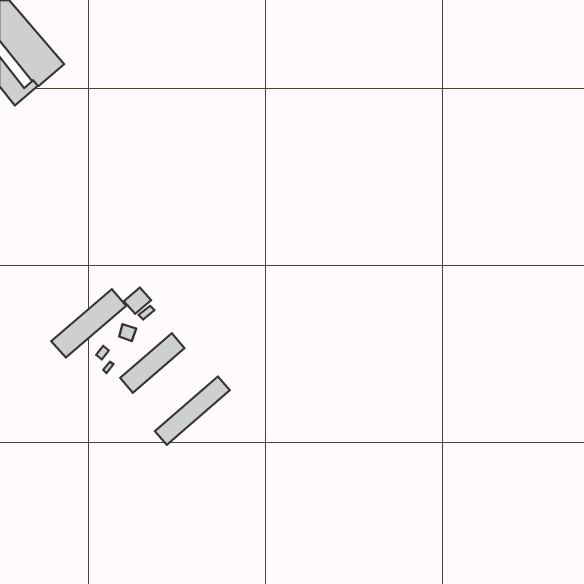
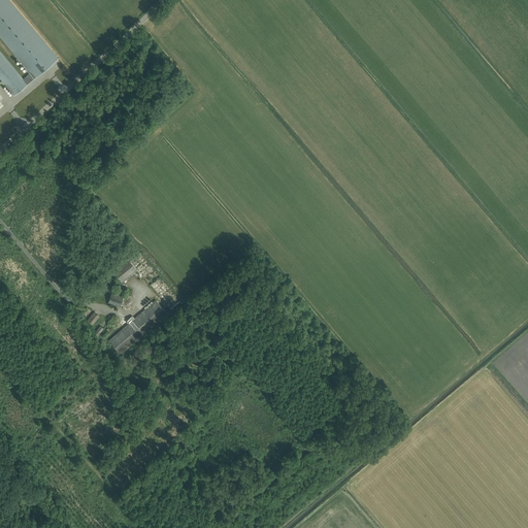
building: [51,289,126,358] -> none
building: [155,377,230,445] -> none

